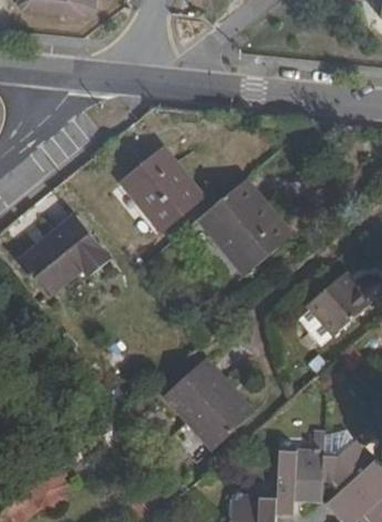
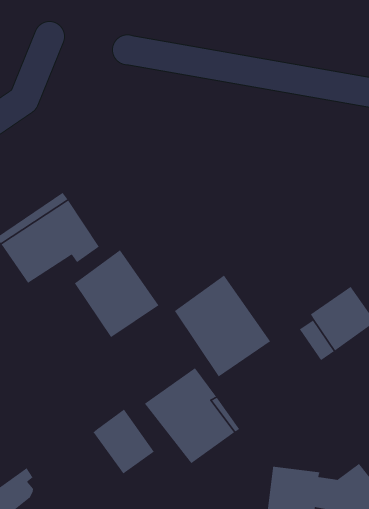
building: [123,148,203,229] -> [74,249,160,338]
building: [201,181,292,274] -> [174,275,271,377]
building: none -> [92,408,155,474]

